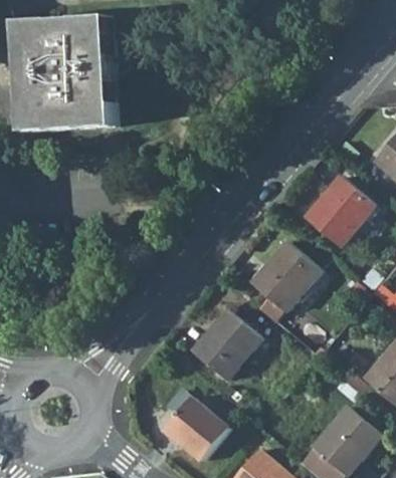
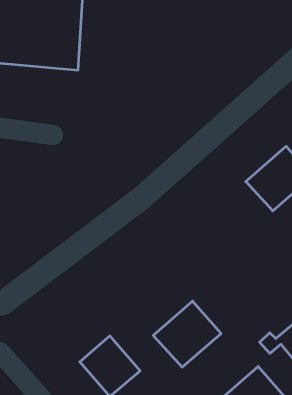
building: [252,242,322,311] -> none
building: [193,310,262,380] -> [153,301,221,367]

